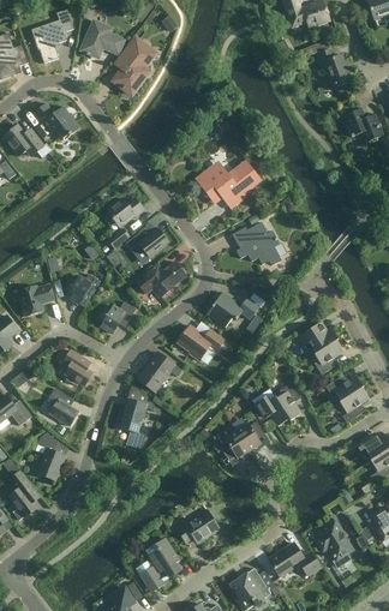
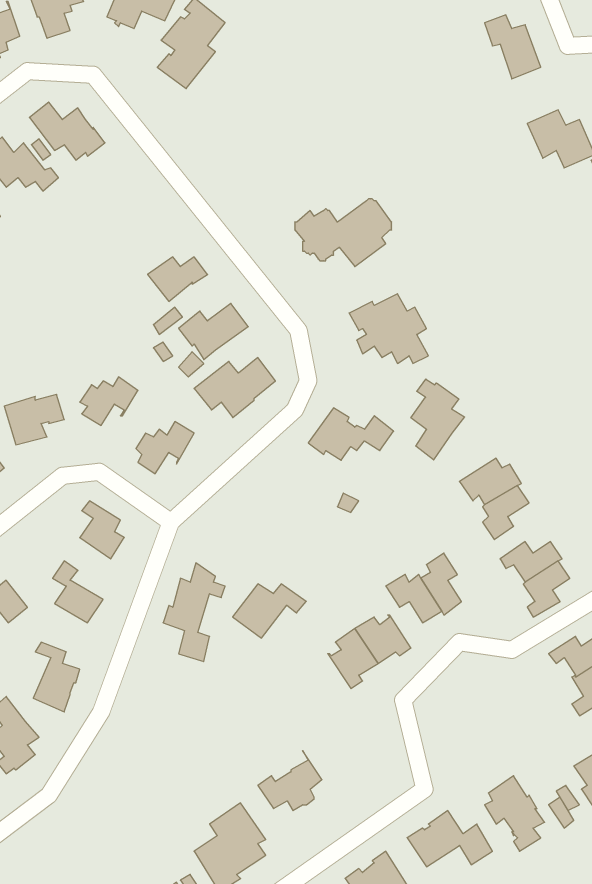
building: none -> [411,379,465,460]
building: [178,324,225,359] -> none
building: [137,358,182,391] -> [233,584,306,638]

